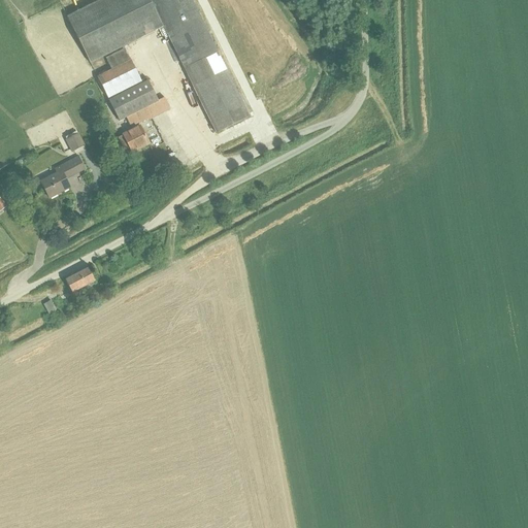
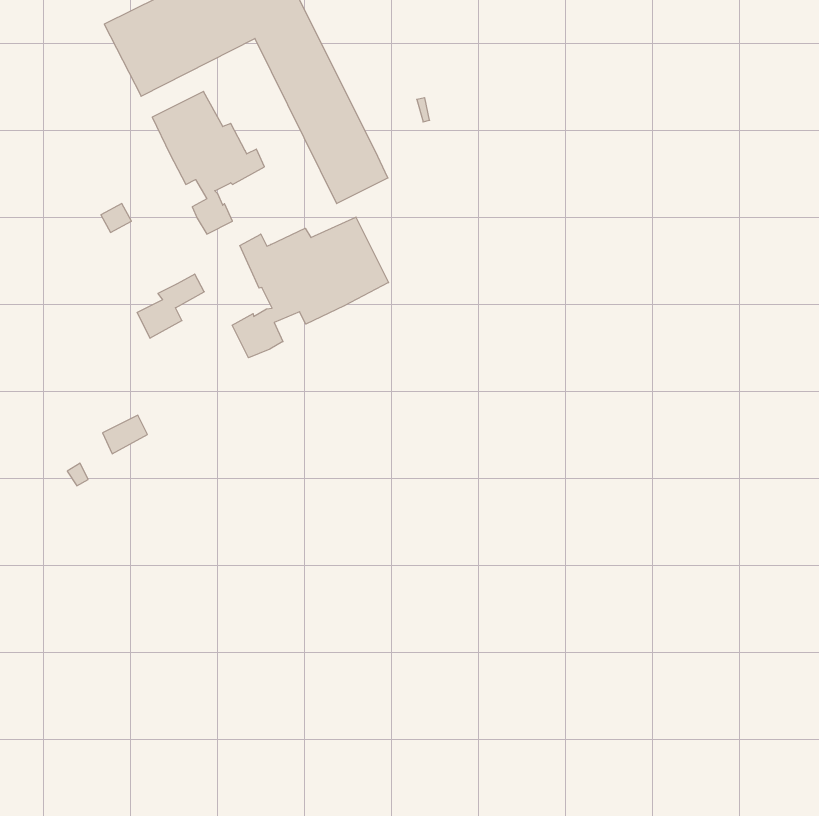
building: none -> [232,217,389,358]
building: [41,156,85,197] -> [137,274,204,338]

